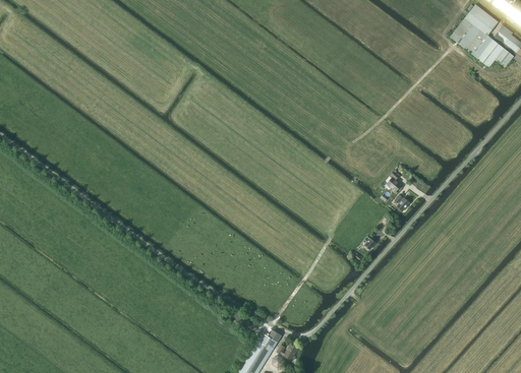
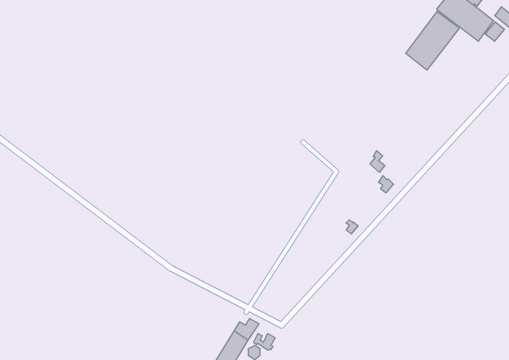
building: none -> [406,11,459,70]

